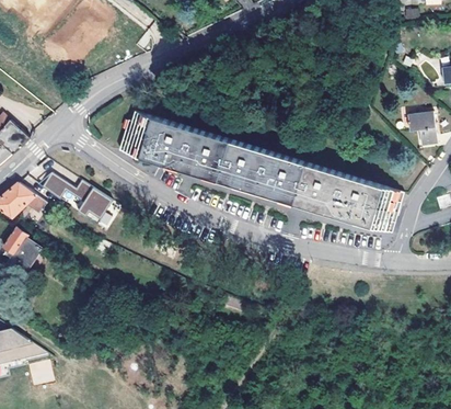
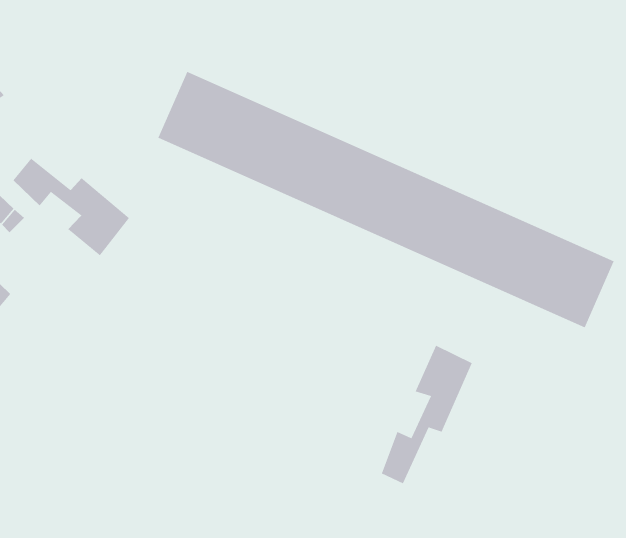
building: none -> [381,345,472,484]

